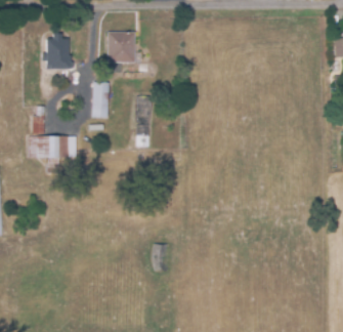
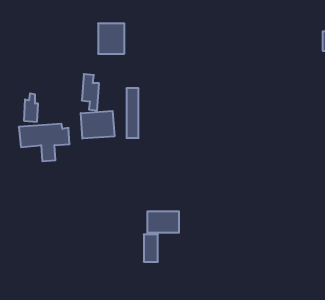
building: [42,33,74,69] -> none
building: none -> [81,111,114,139]
building: none -> [147,211,179,233]

